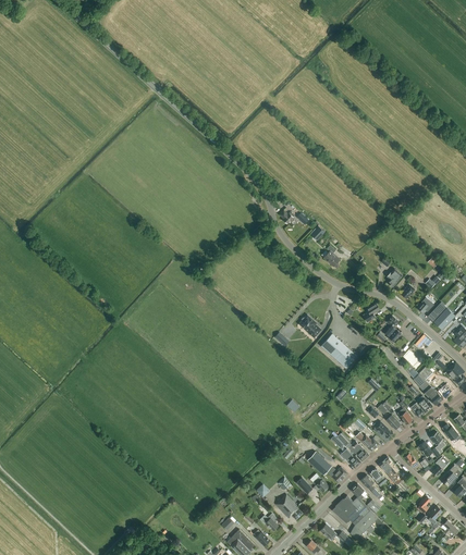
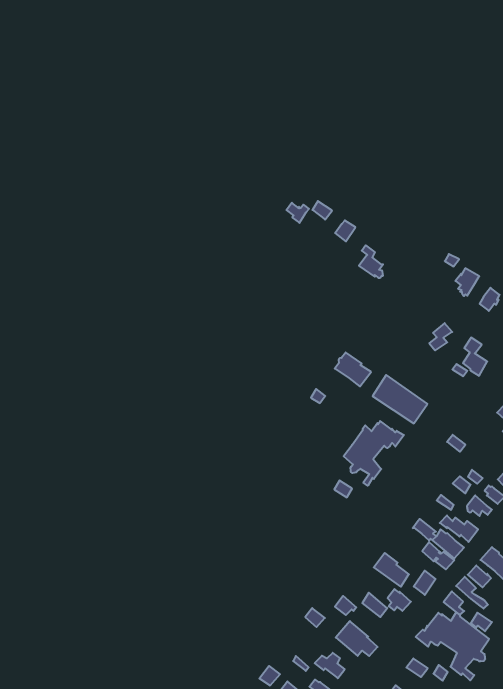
building: none -> [344,421,404,486]

